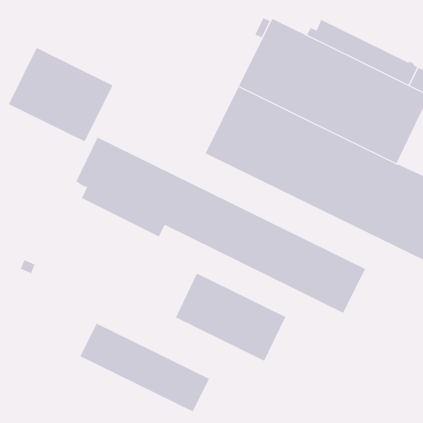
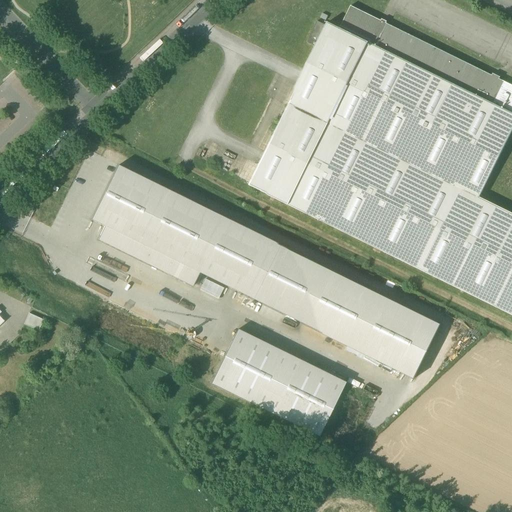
building: none -> [341,5,388,42]
building: [8,47,113,142] -> none
building: [80,323,210,412] -> none

